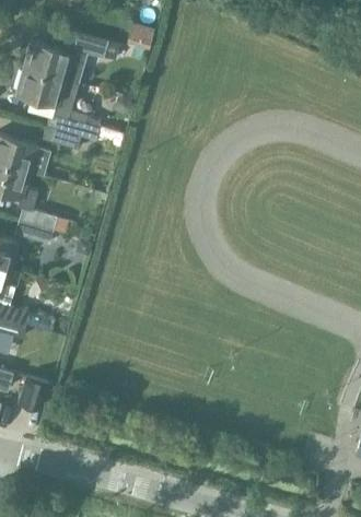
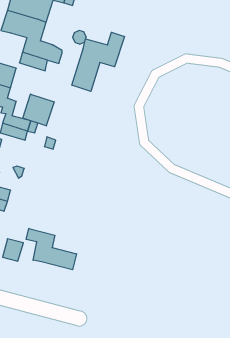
building: none -> [72,32,124,91]
building: none -> [23,94,54,126]
building: none -> [26,228,77,270]

